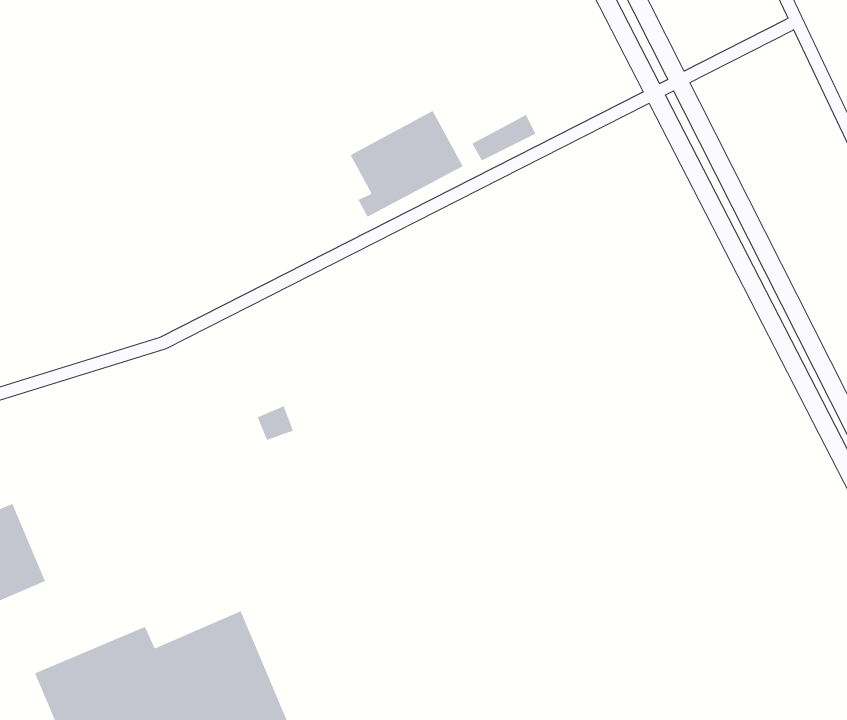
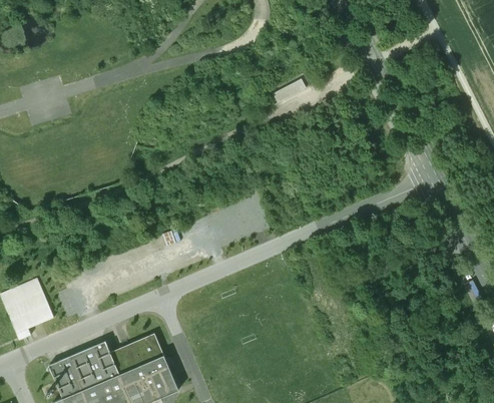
building: [350,110,463,217] -> none

